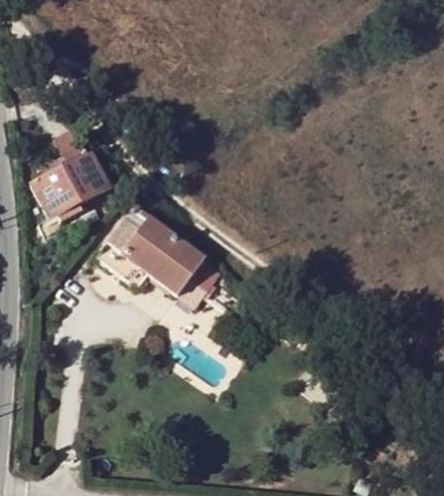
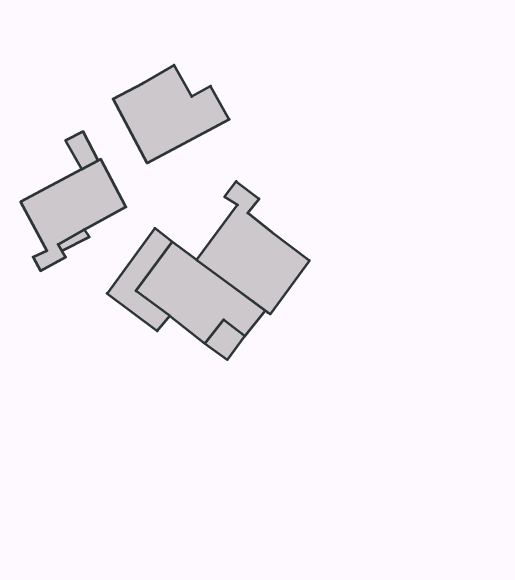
building: none -> [113,65,229,163]
building: none -> [197,181,309,314]

